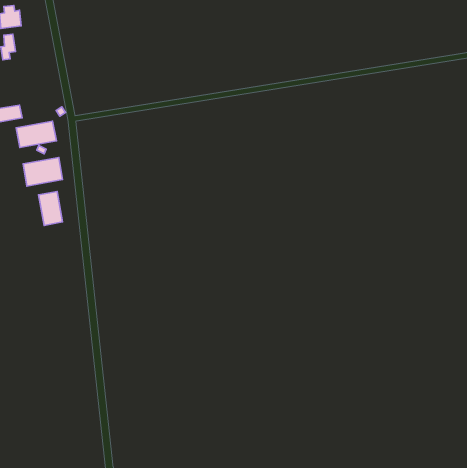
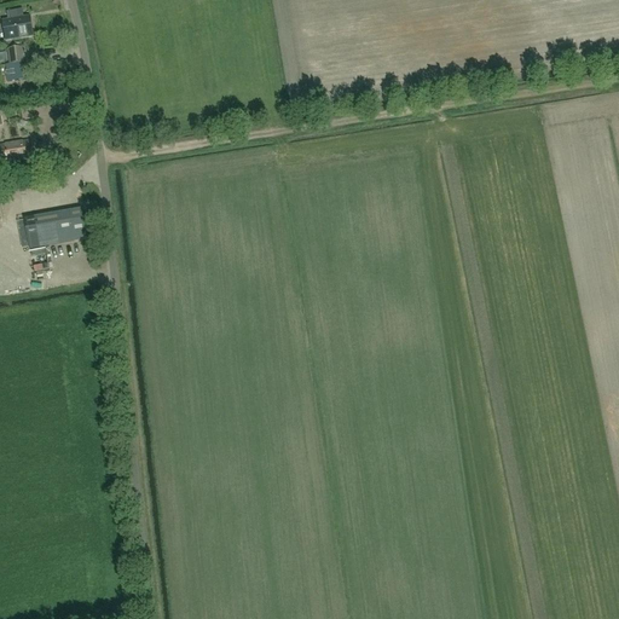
building: [16,121,56,147] -> none
building: [39,191,62,225] -> none

